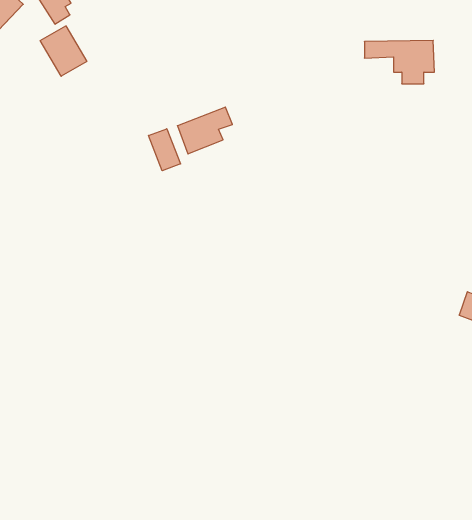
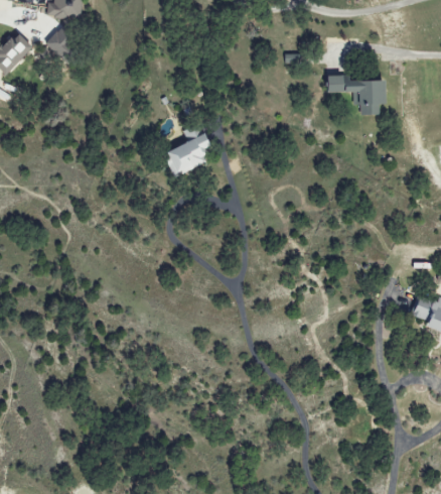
building: [40,26,87,76] -> none
building: [149,129,181,171] -> none

